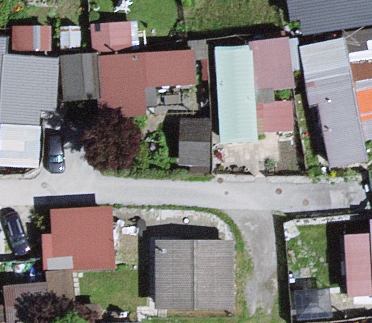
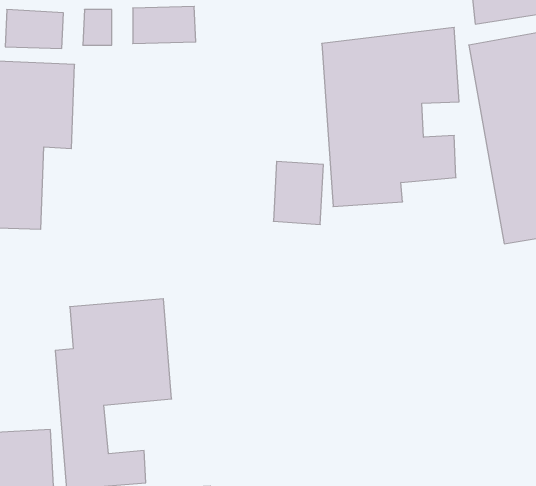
building: [63,50,195,114] -> none
building: [158,244,234,311] -> none

